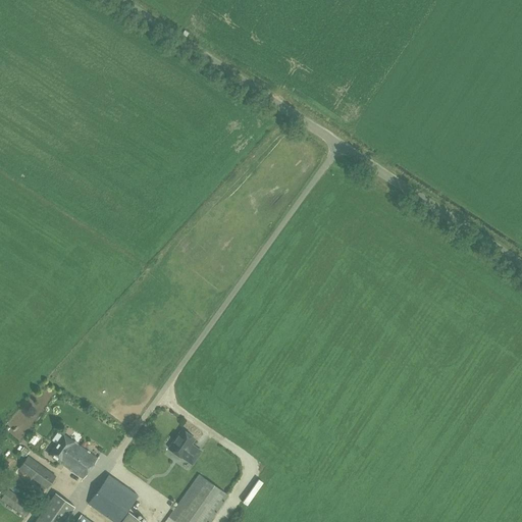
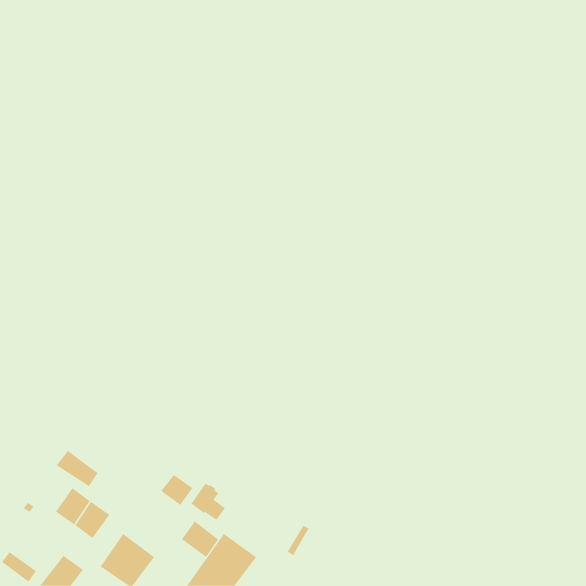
building: none -> [160,474,193,506]
building: [18,456,56,488] -> [56,450,98,487]
building: none -> [181,521,219,558]

